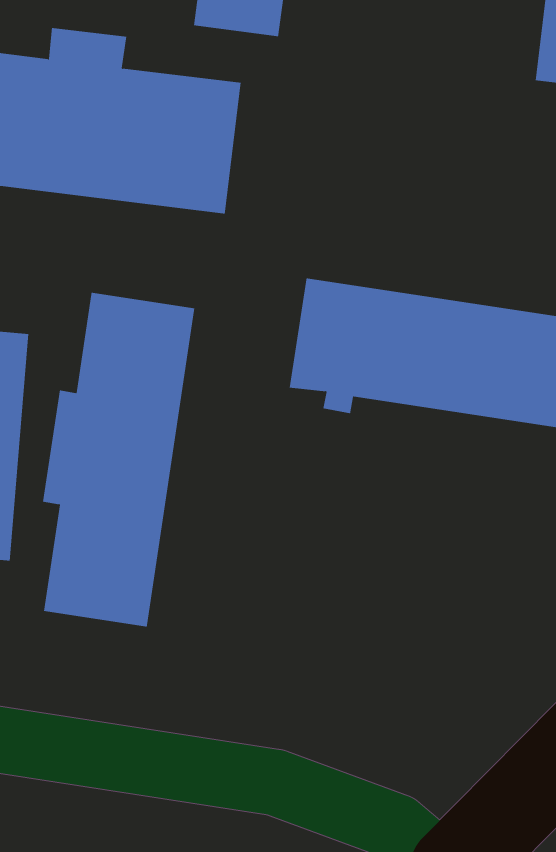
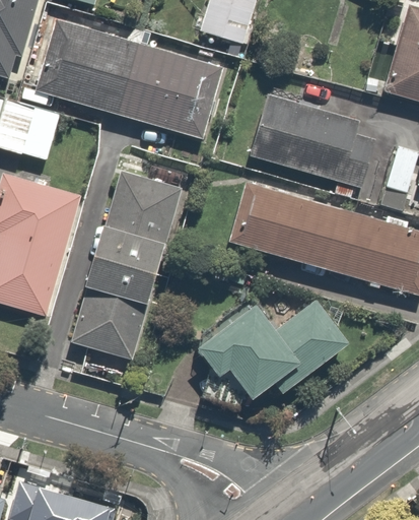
building: none -> [250,98,377,185]
building: none -> [187,300,345,409]

